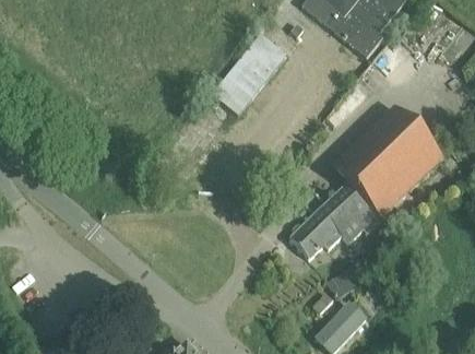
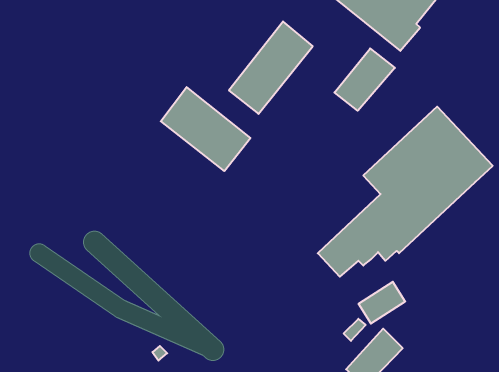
building: none -> [334,48,395,111]
building: none -> [161,87,250,171]

